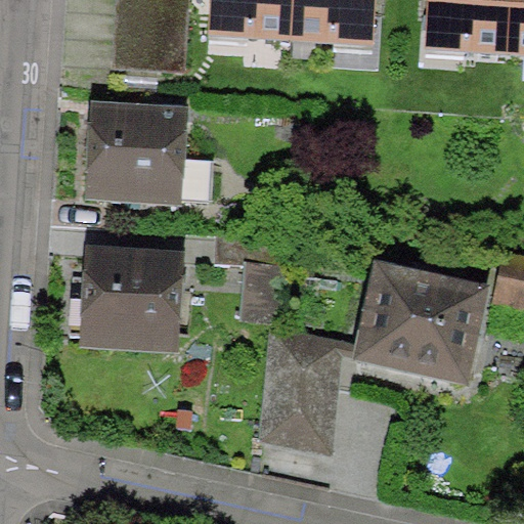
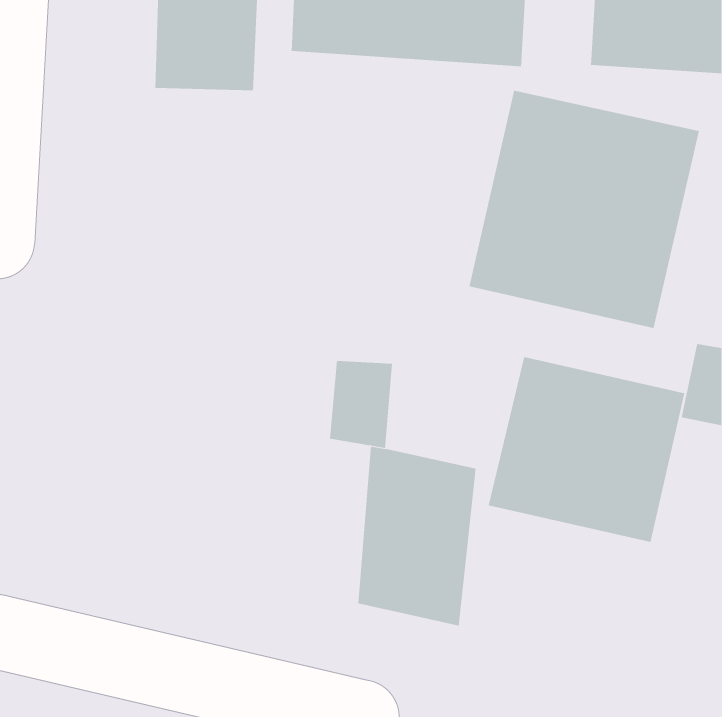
building: none -> [469,90,699,329]
building: [82,102,188,205] -> none
building: [78,248,181,350] -> none

